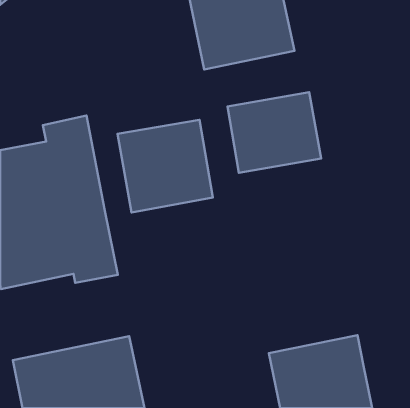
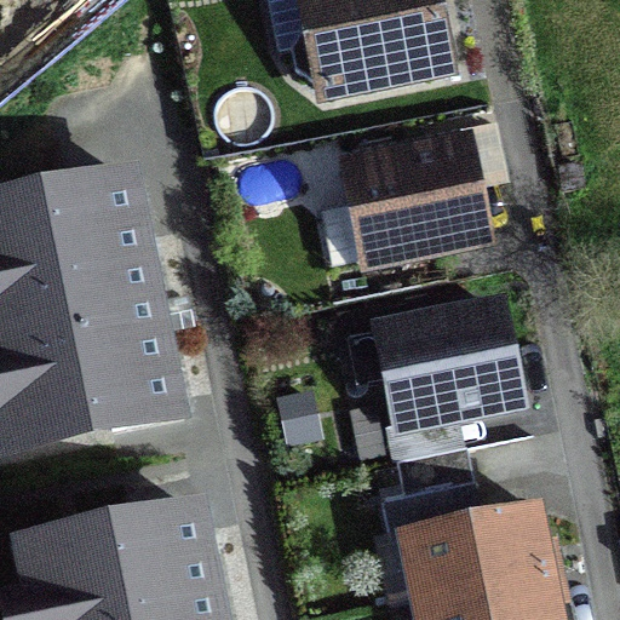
building: [118,120,213,212] -> none
building: none -> [388,304,519,420]

